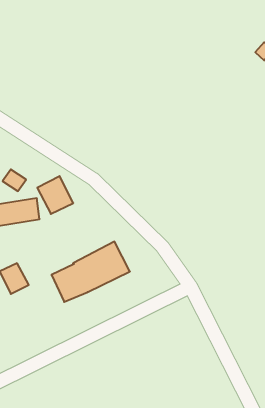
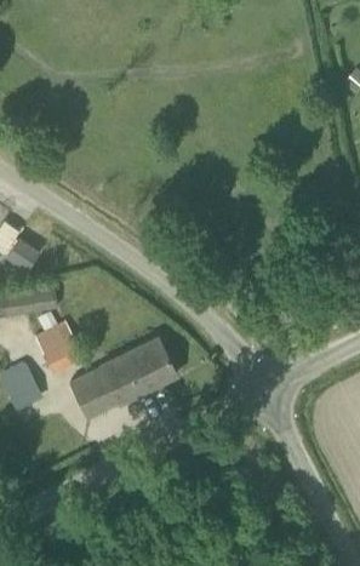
building: [37,176,73,214] -> [35,321,84,372]

